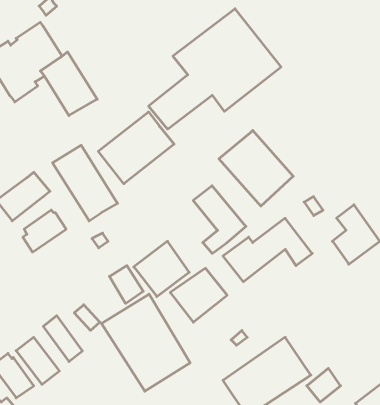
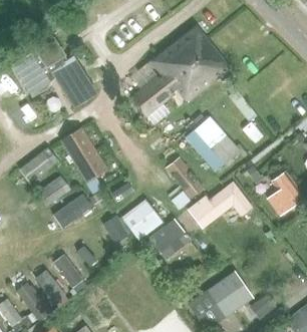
building: [98,112,174,184] -> none
building: none -> [54,194,93,229]
building: [102,294,190,391] -> none

